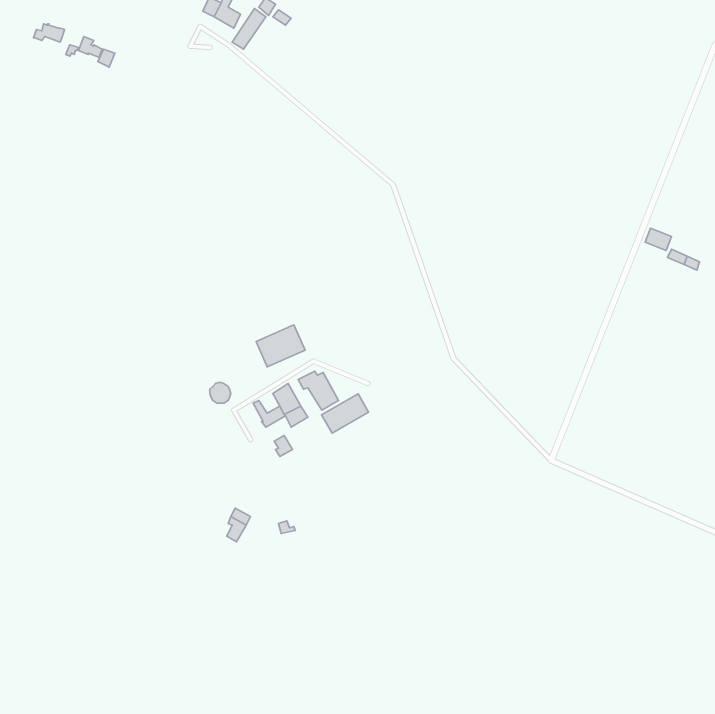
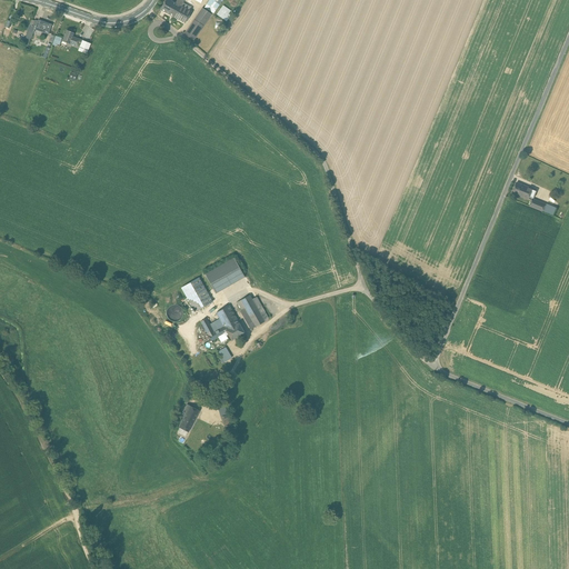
building: none -> [181,277,212,311]
building: [321,394,369,433] -> none

